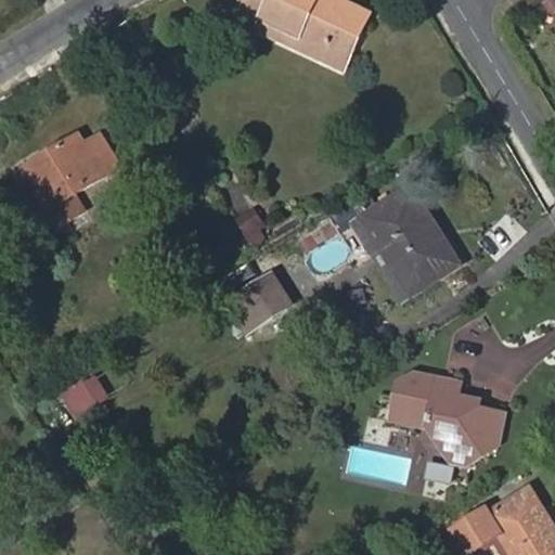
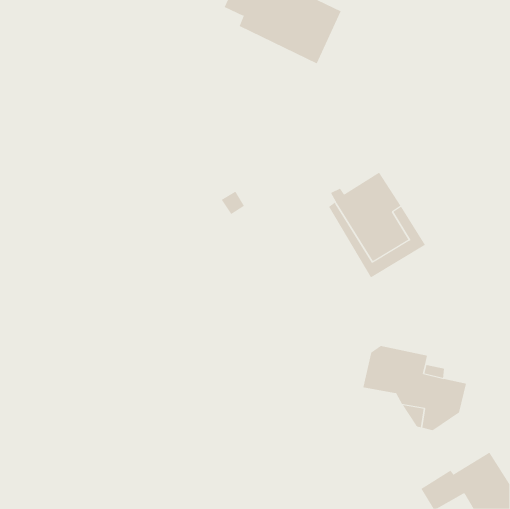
building: [25,134,118,224] -> none
building: [231,278,287,328] -> none
building: [65,373,112,409] -> none

